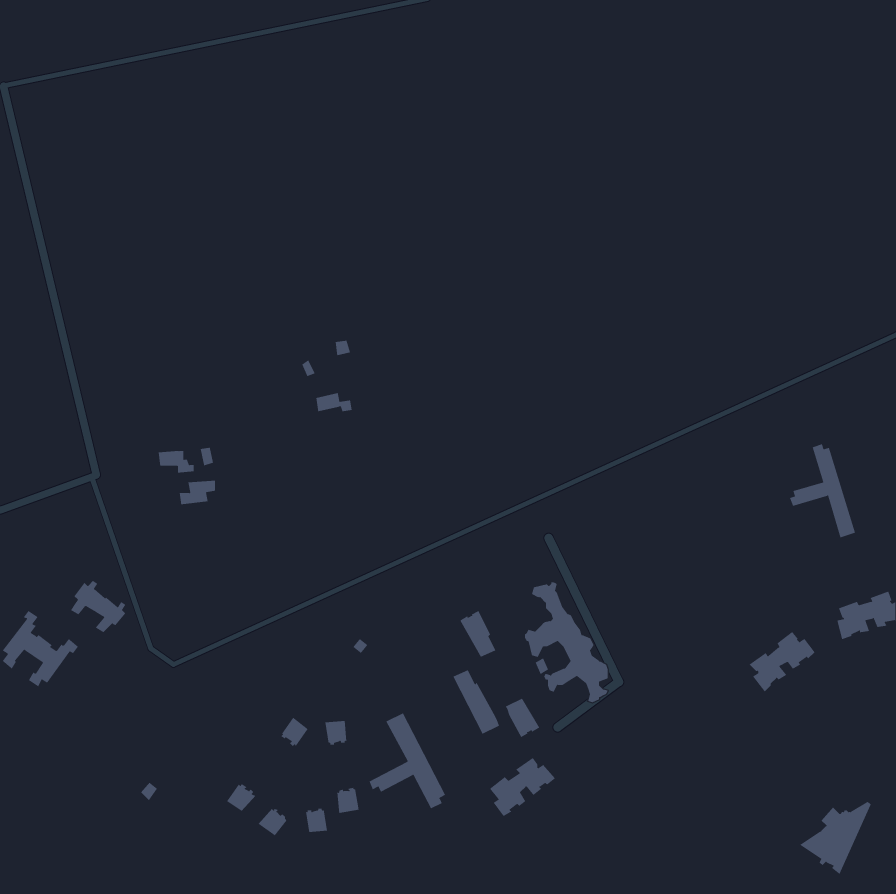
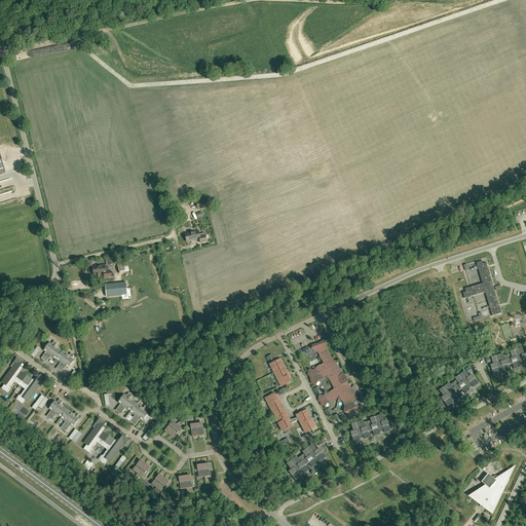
building: none -> [116,391,152,424]
building: none -> [46,398,79,430]
building: none -> [350,414,390,442]
building: none -> [83,417,128,463]
building: [369,712,446,809] -> none

